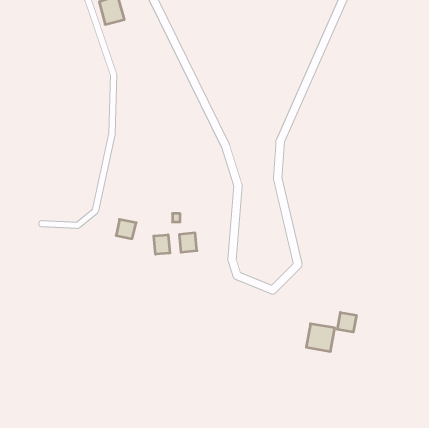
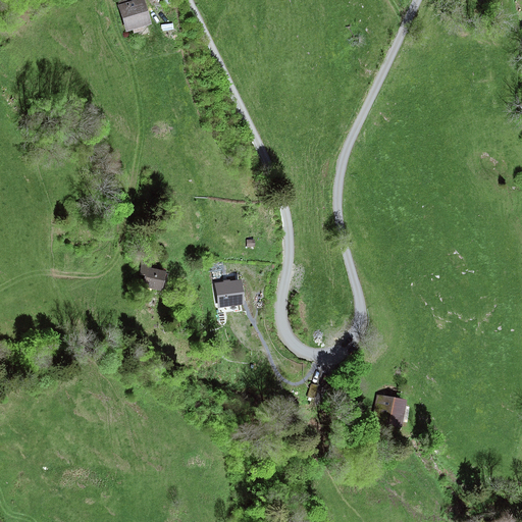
building: [154,235,170,254] -> none
building: [337,312,356,332] -> none

